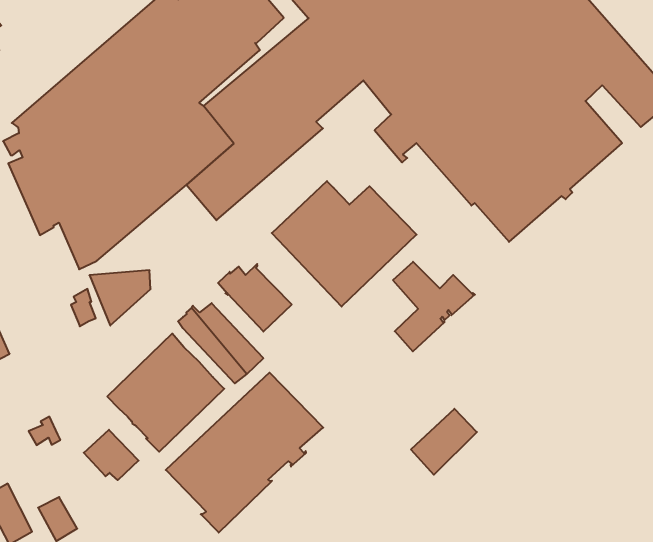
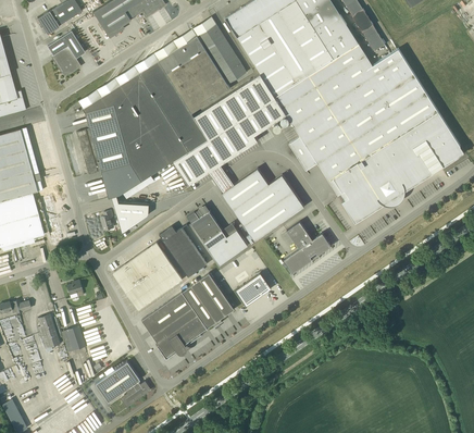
building: none -> [209,230,248,264]
building: [411,409,477,475] -> [232,272,271,308]
building: [84,430,139,480] -> none

